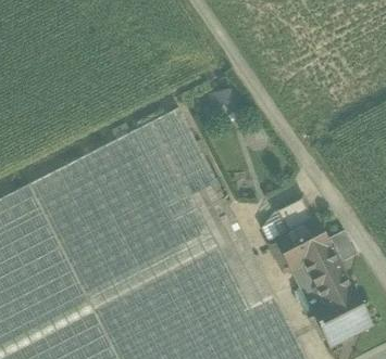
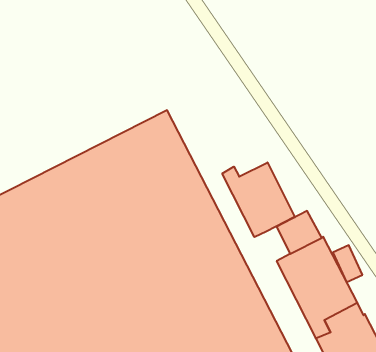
building: none -> [222,162,295,237]

